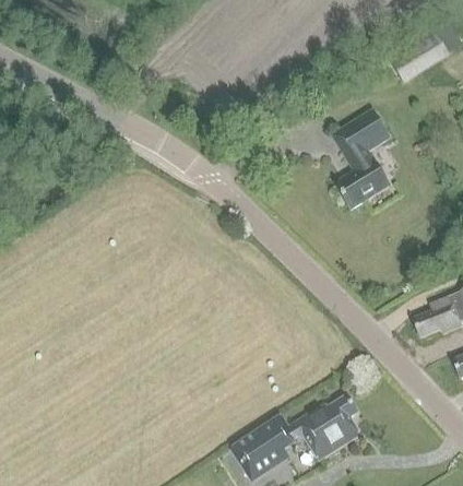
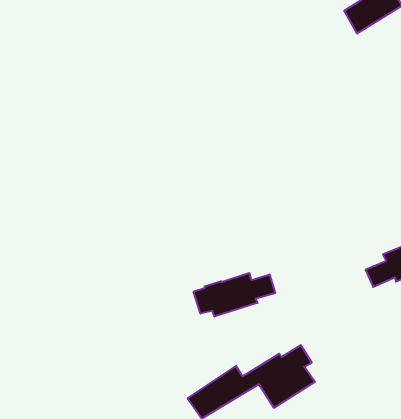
building: [331,108,391,210] -> none
building: none -> [194,273,275,317]

